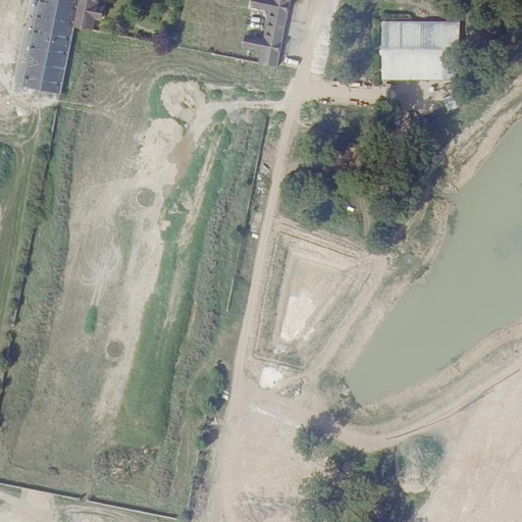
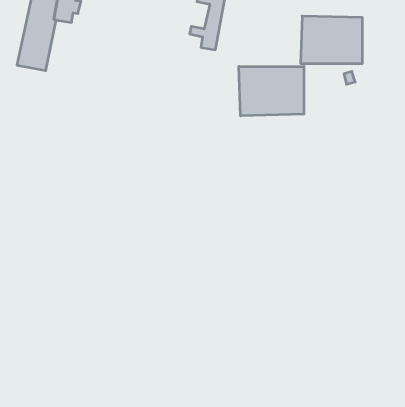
building: none -> [239,66,304,116]

